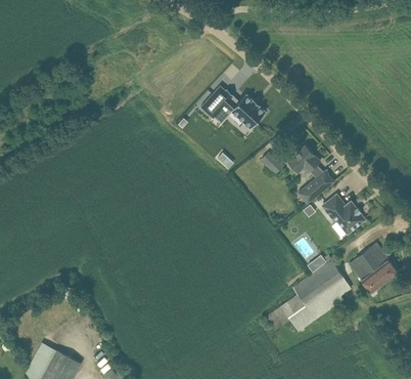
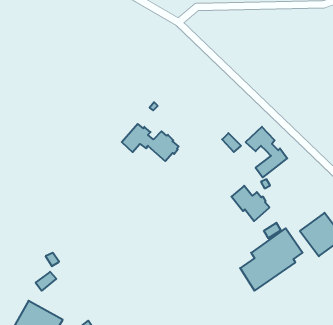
building: [200,86,265,128] -> [122,124,179,161]
building: [321,194,364,234] -> [231,186,269,221]

